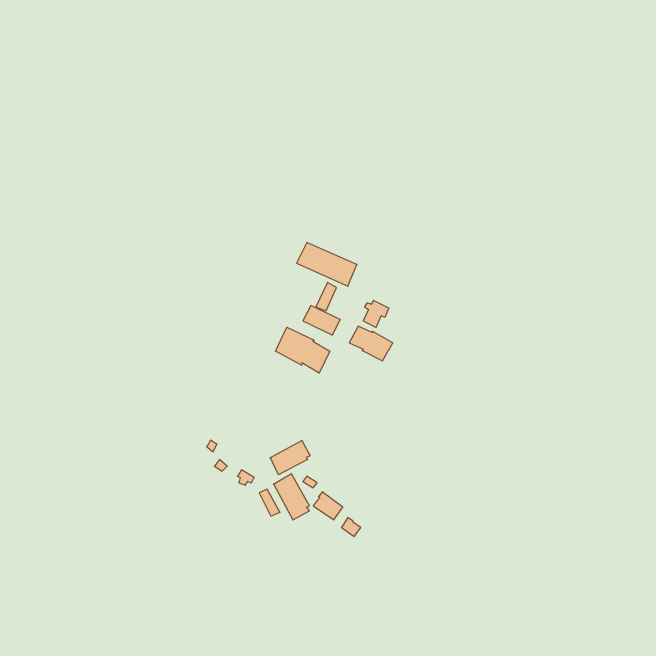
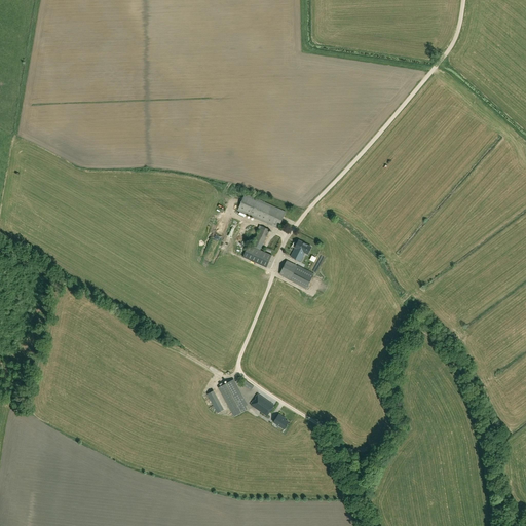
building: [276,327,330,373] -> none
building: [270,440,310,475] -> none

